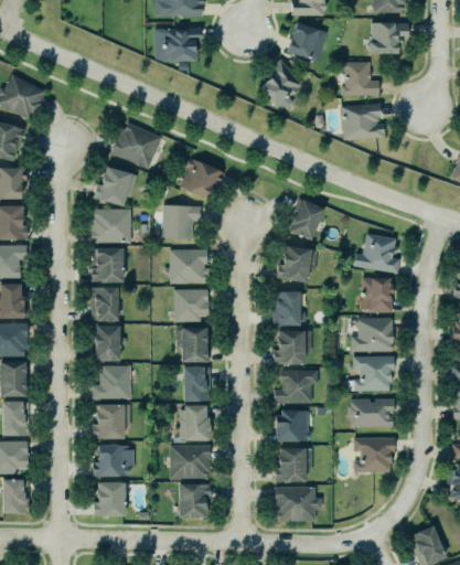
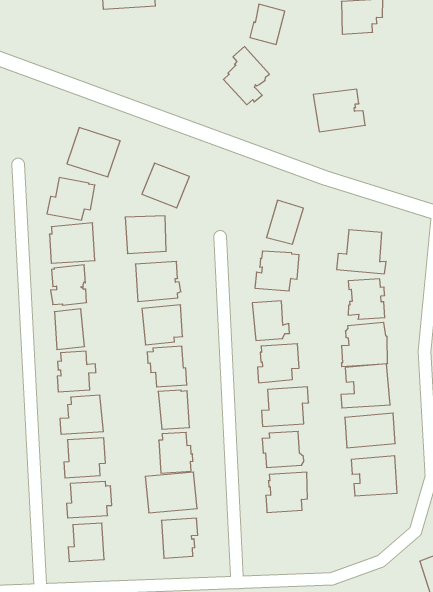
building: [153,29,201,63] -> none
building: [339,62,377,95] -> none
building: [275,488,322,522] -> none

